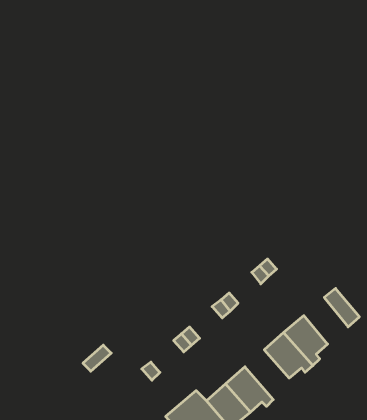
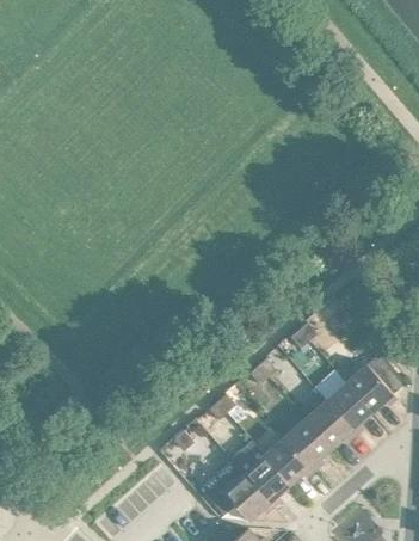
building: none -> [344,364,394,413]
building: none -> [282,419,328,472]

